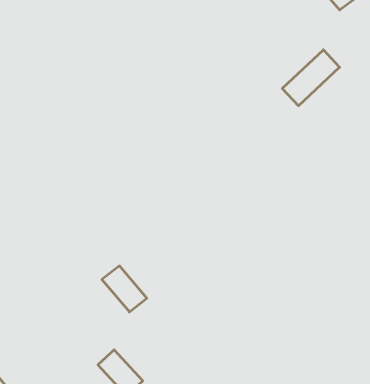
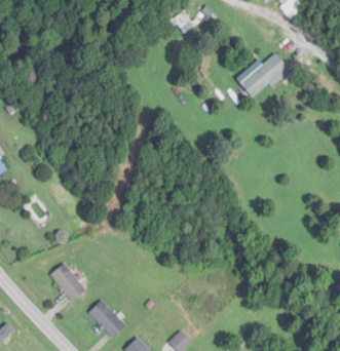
building: [102,266,147,312] -> [48,264,85,302]

